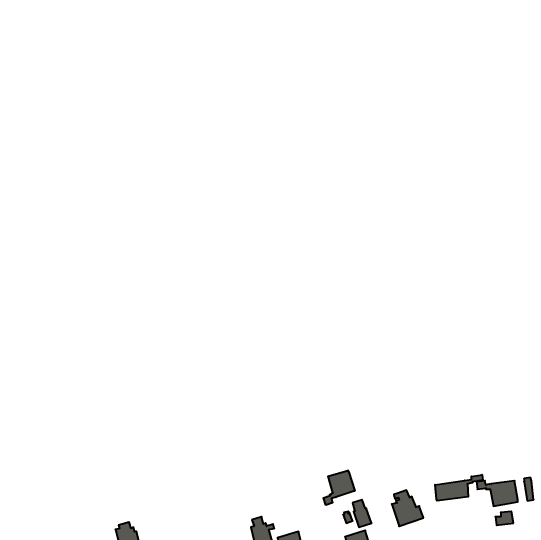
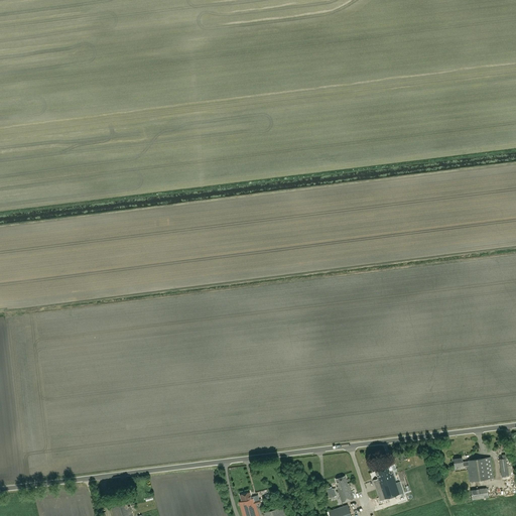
building: [323,470,355,505] -> none
building: [435,475,483,501] -> none

